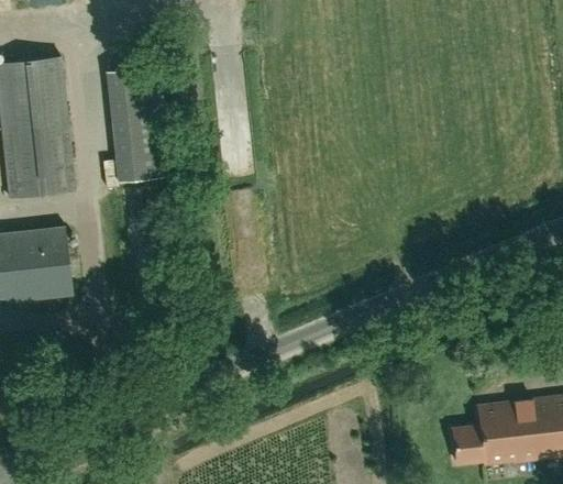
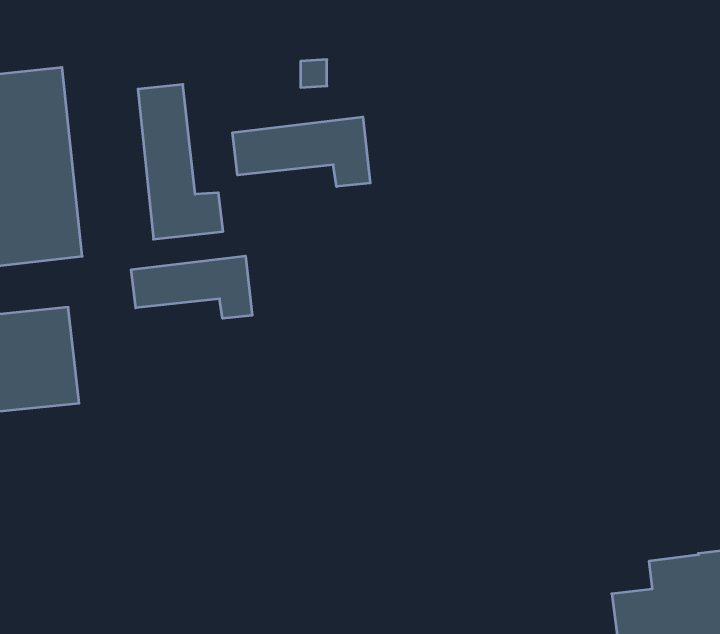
building: none -> [233,117,370,187]
building: none -> [131,256,252,318]

